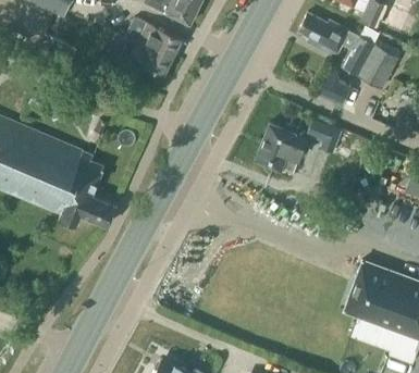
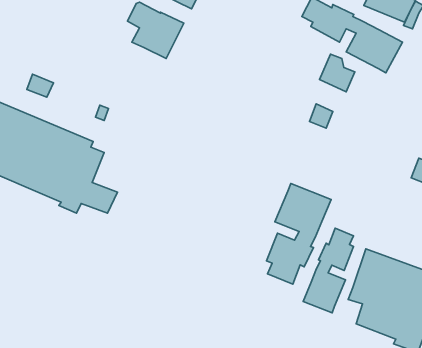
building: [257,124,307,174] -> none
building: none -> [266,184,331,284]
building: none -> [303,228,354,313]

